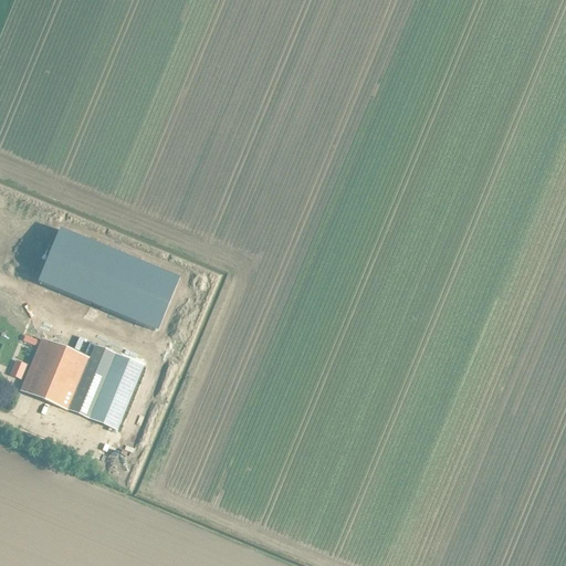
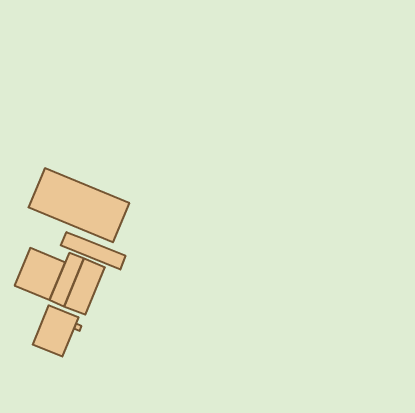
building: none -> [61,232,125,270]
building: none -> [33,305,78,357]

